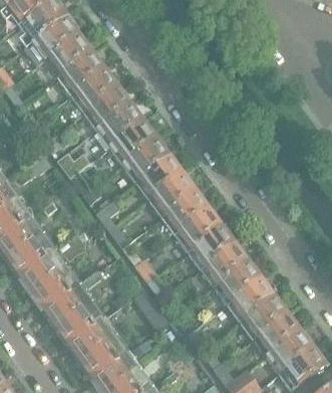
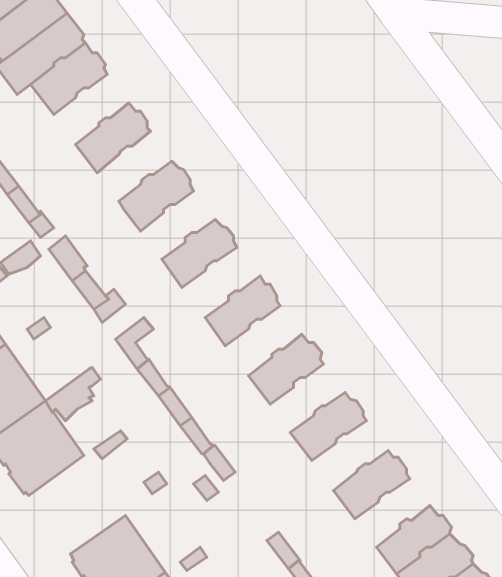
building: [59,53,104,95] -> none
building: [85,87,130,130] -> none
building: [111,124,156,165] -> none
building: [136,158,184,200] -> none
building: [162,193,209,235] -> none
building: [190,228,235,269] -> none
building: [215,262,261,305] -> none
building: [44,283,102,343] -> none
building: [241,298,286,339] -> none

